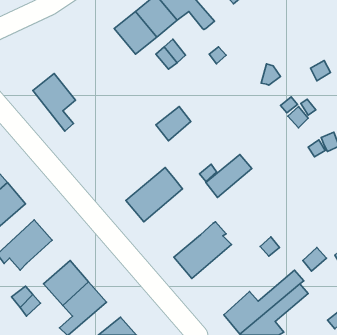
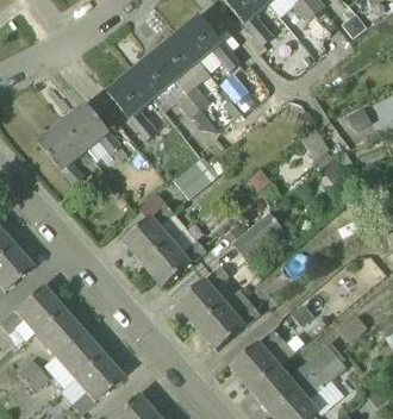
building: none -> [107,71,157,139]
building: none -> [63,102,123,155]
building: none -> [123,202,187,263]
building: none -> [176,264,241,326]
building: none -> [32,307,81,356]
building: none -> [230,327,295,390]

